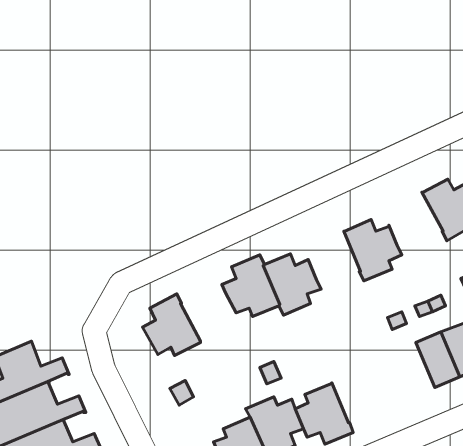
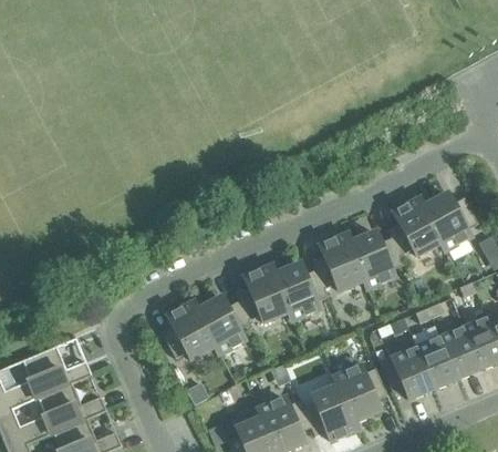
building: none -> [387,197,442,255]
building: none -> [312,233,364,289]
building: none -> [196,296,251,353]
building: none -> [380,346,434,398]
building: none -> [333,364,386,421]

